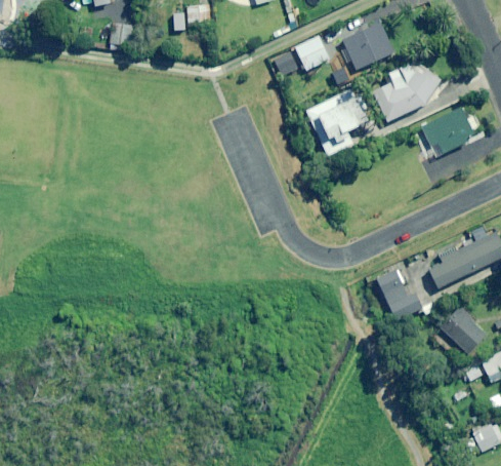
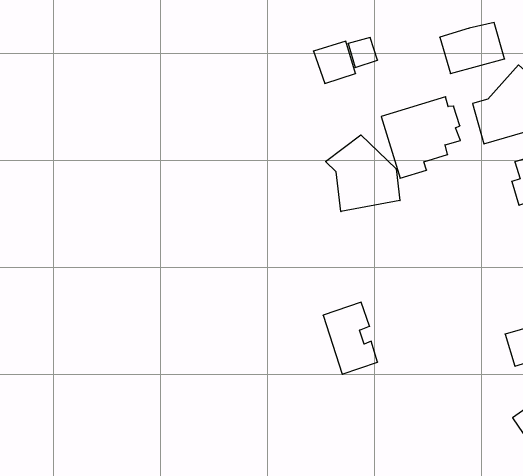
building: [294,36,329,71] -> [313,41,356,83]
building: none -> [326,135,400,212]
building: [374,264,421,321] -> [323,302,378,374]

